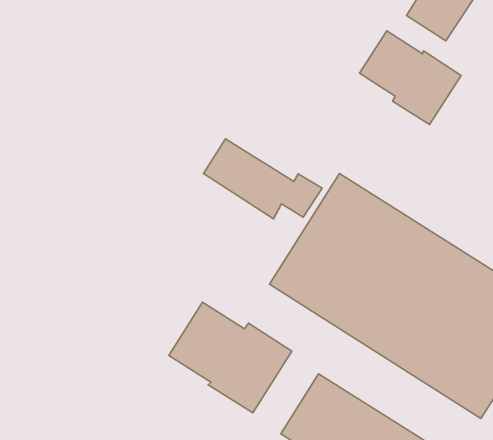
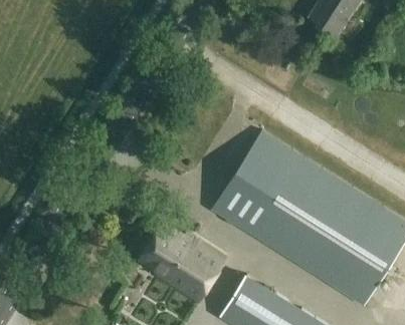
building: [360,31,461,125] -> none
building: [203,139,322,219] -> none

